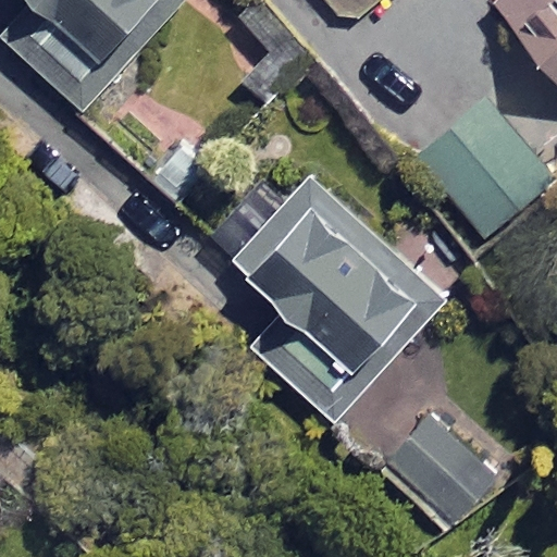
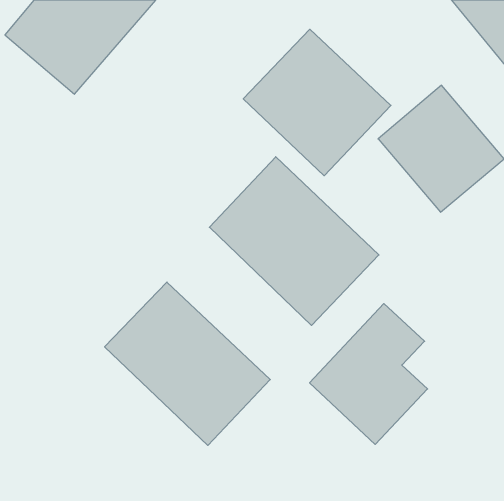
building: none -> [243,29,391,176]
building: none -> [105,282,270,445]

